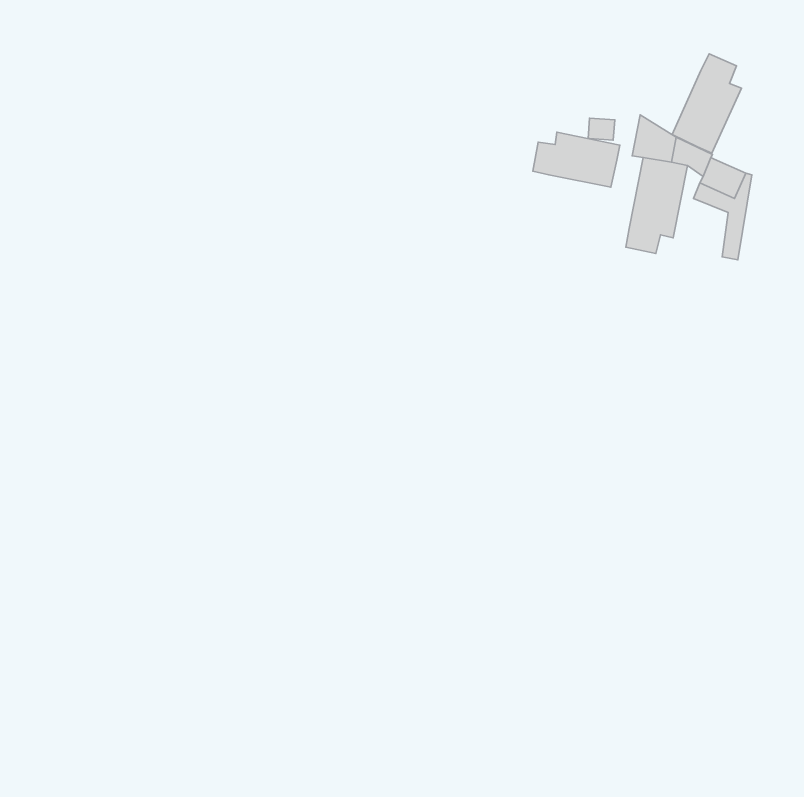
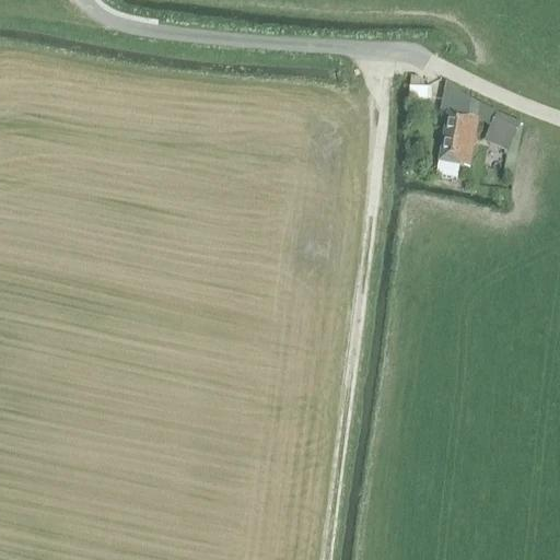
building: [672,54,741,153] -> none
building: [533,132,620,187] -> none

